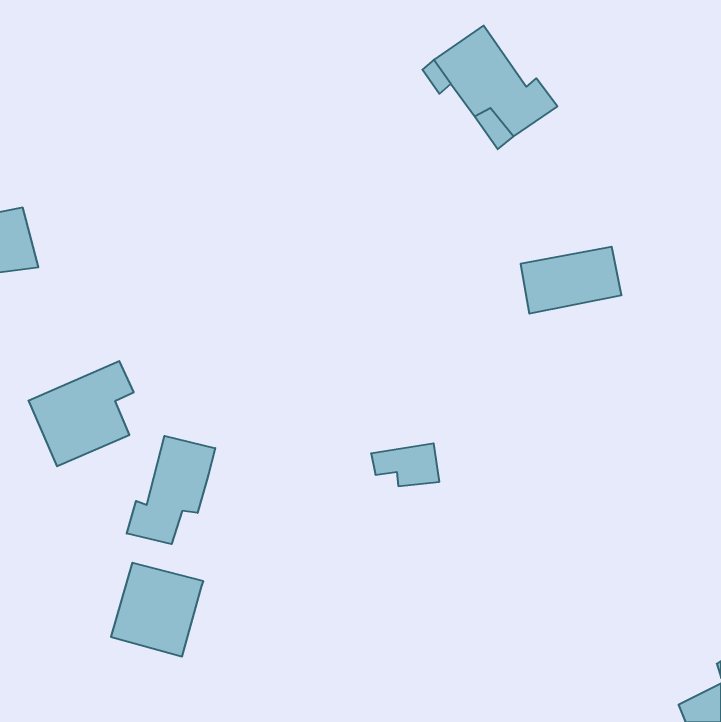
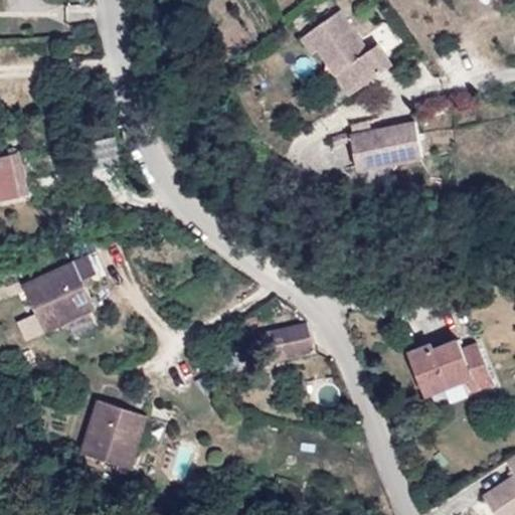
building: [521,247,622,314] -> [354,126,425,173]
building: [127,436,215,544] -> none
building: none -> [418,321,477,406]

